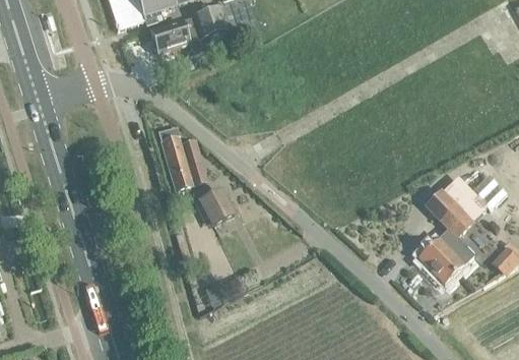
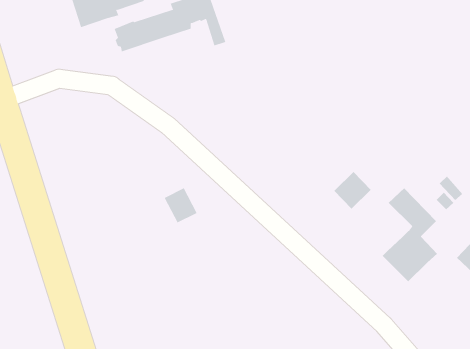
building: [157,125,205,189] -> none
building: none -> [334,171,372,210]

